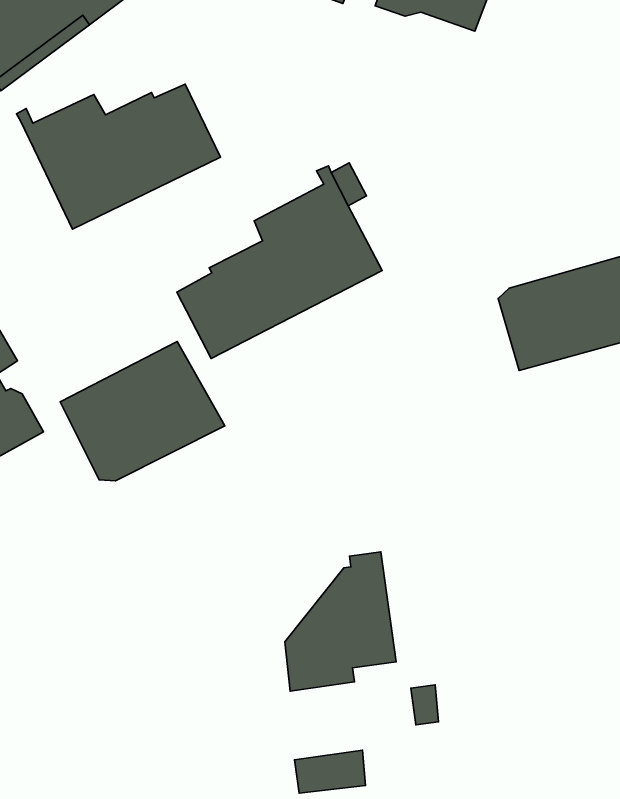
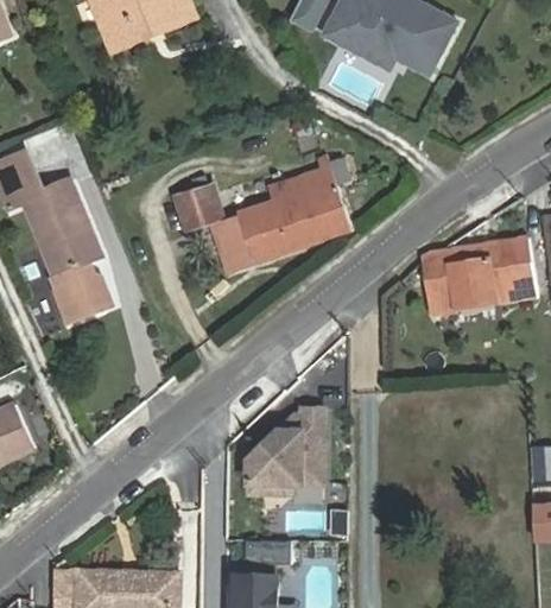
building: [17,84,221,229] -> none
building: none -> [171,180,217,226]
building: [60,342,225,481] -> none

